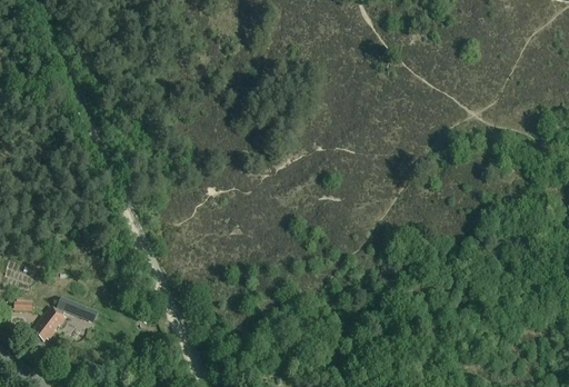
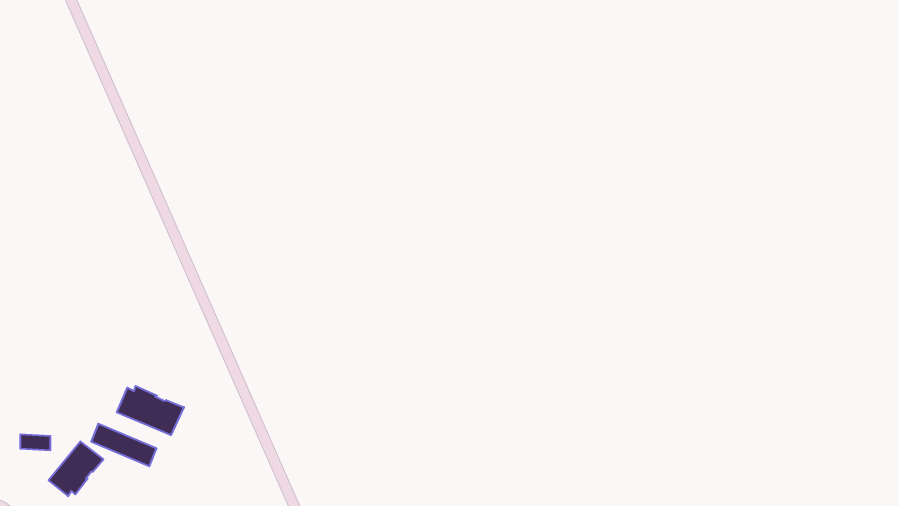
building: none -> [117,386,184,435]

